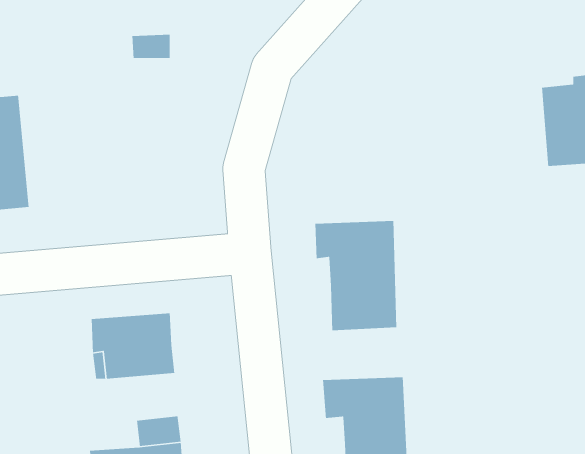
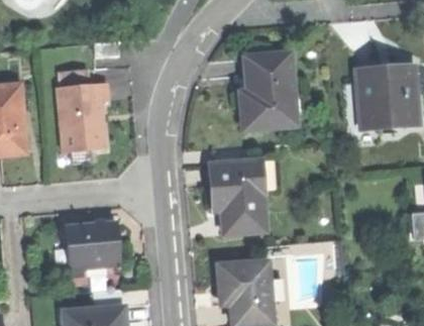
building: none -> [241,53,297,130]
building: none -> [58,85,107,151]

